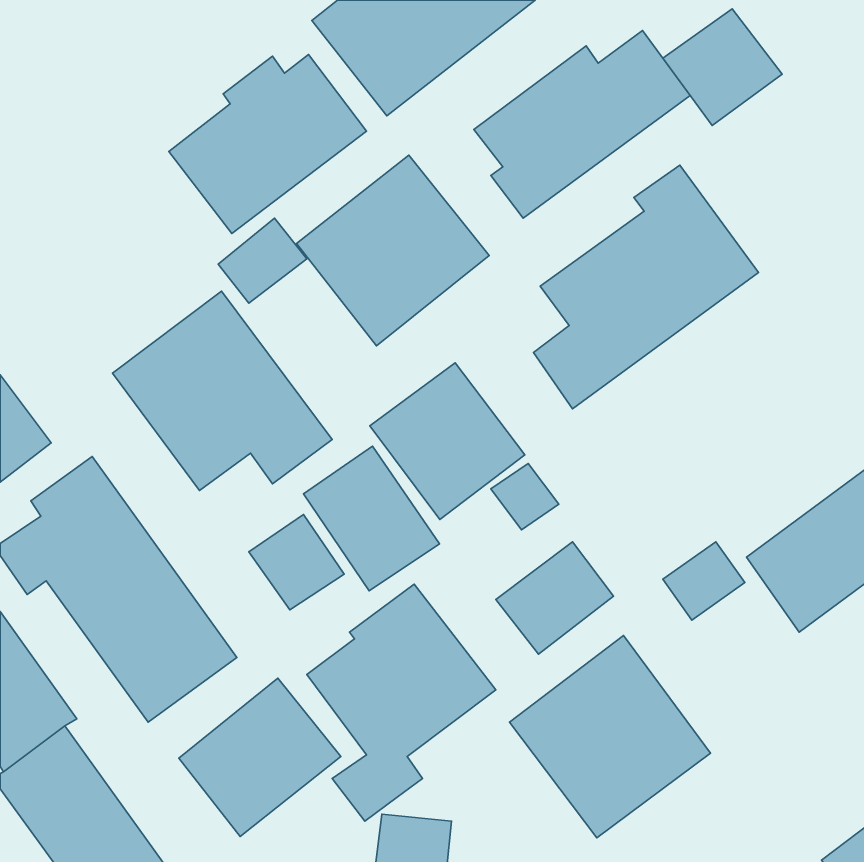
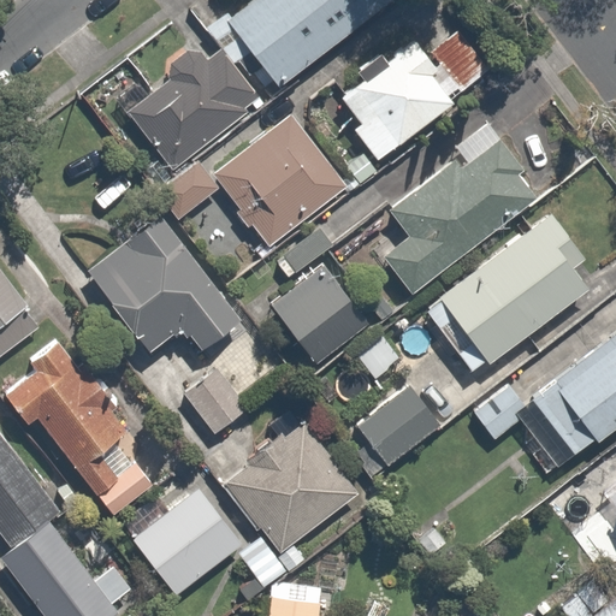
building: [663,9,782,125] -> none
building: none -> [425,213,587,369]
building: [303,446,439,591] -> none
building: [509,636,711,838] -> none

